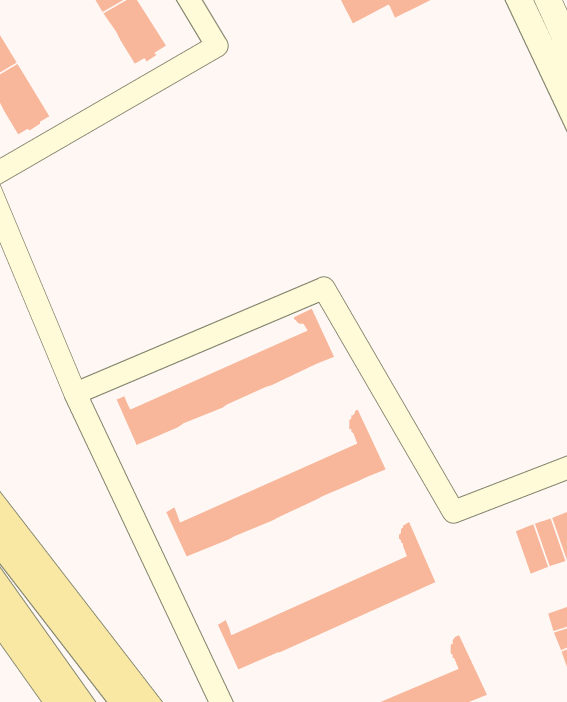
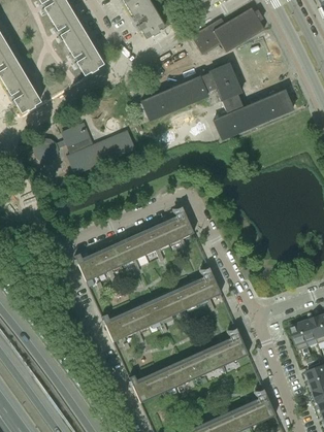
building: none -> [139,63,291,138]
building: none -> [35,122,134,172]

